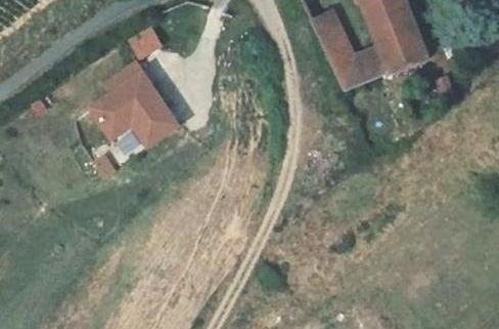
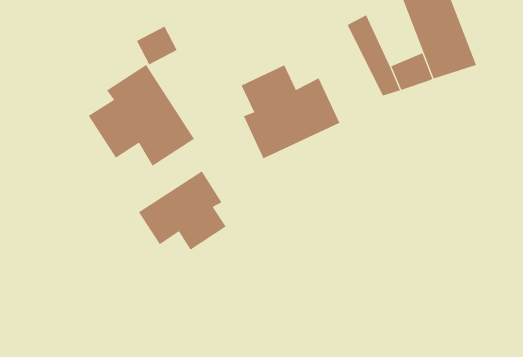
building: none -> [241,65,340,159]
building: none -> [138,170,227,250]

